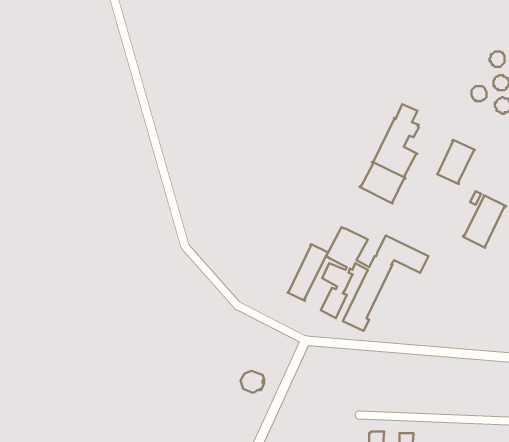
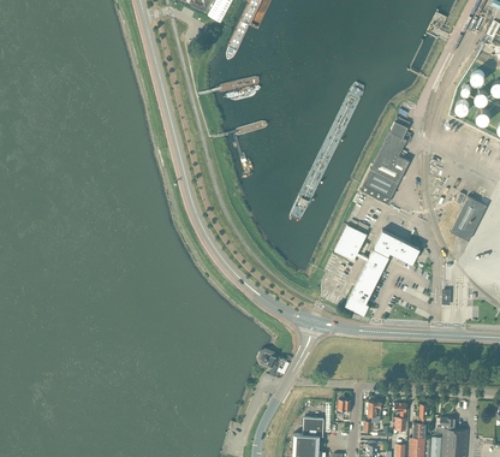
building: [437,140,475,184] -> none
building: [288,244,328,301] -> none

